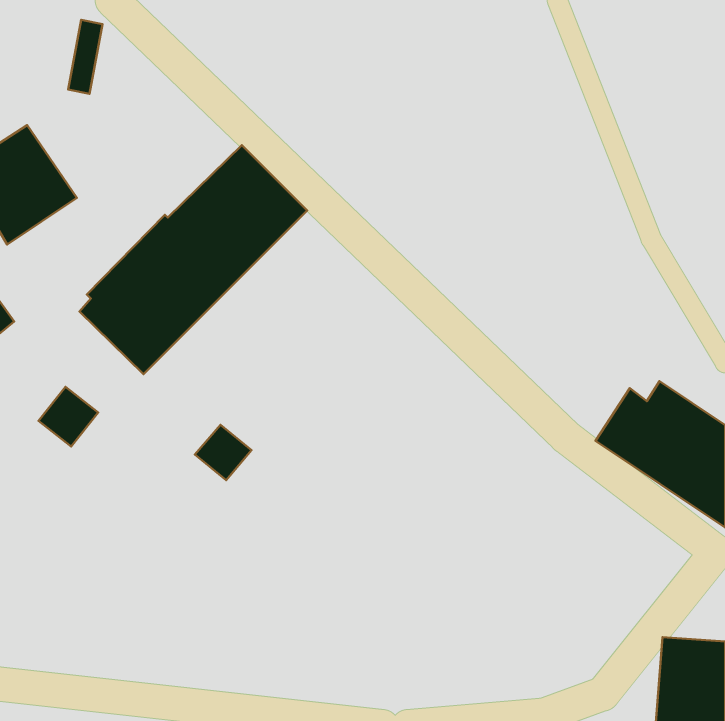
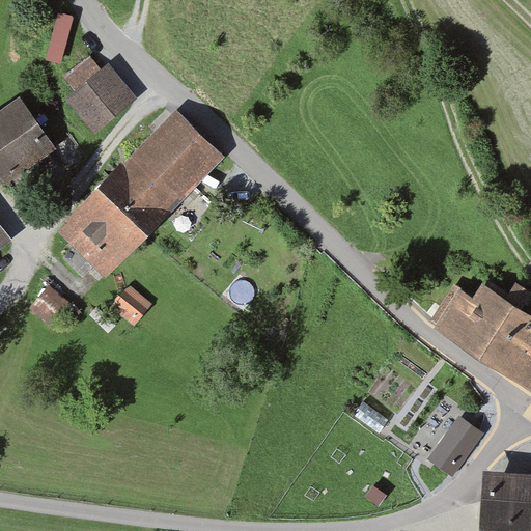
building: none -> [65,64,136,134]
building: [195,425,252,480] -> [111,288,152,329]
building: none -> [427,416,484,478]

